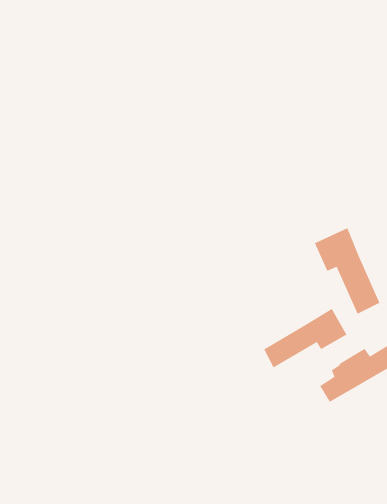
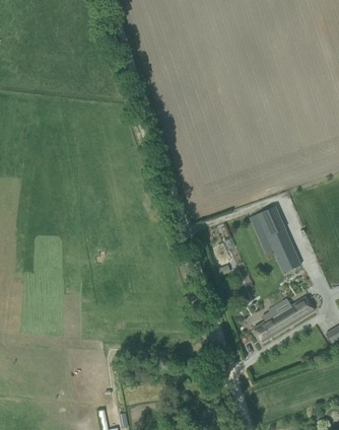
building: [263,308,348,369] -> none

